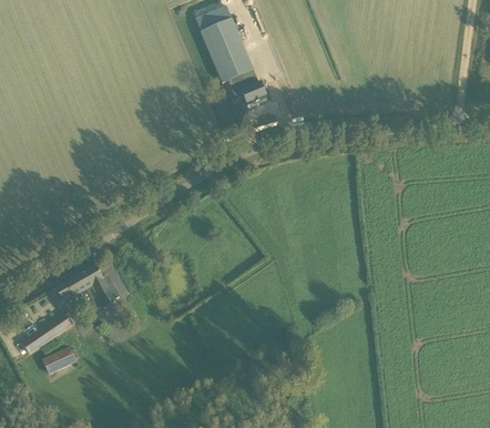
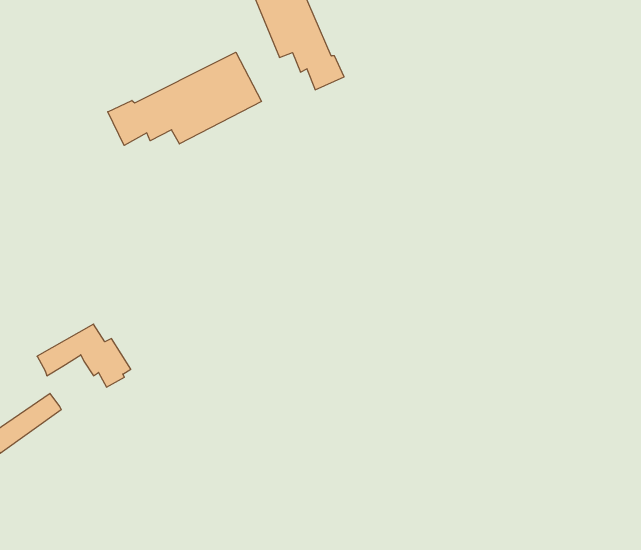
building: none -> [108,52,261,145]
building: [41,344,76,371] -> none

